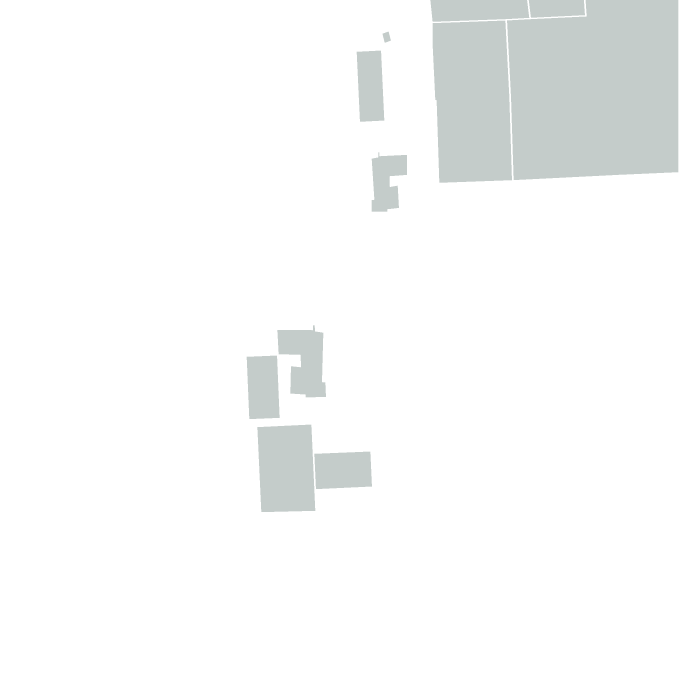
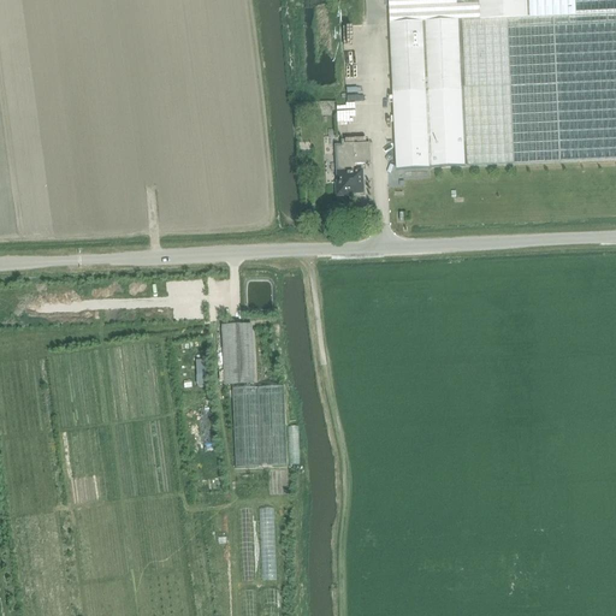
building: [356,50,385,122] -> none
building: [277,325,327,398] -> none
building: [314,451,373,490] -> none

